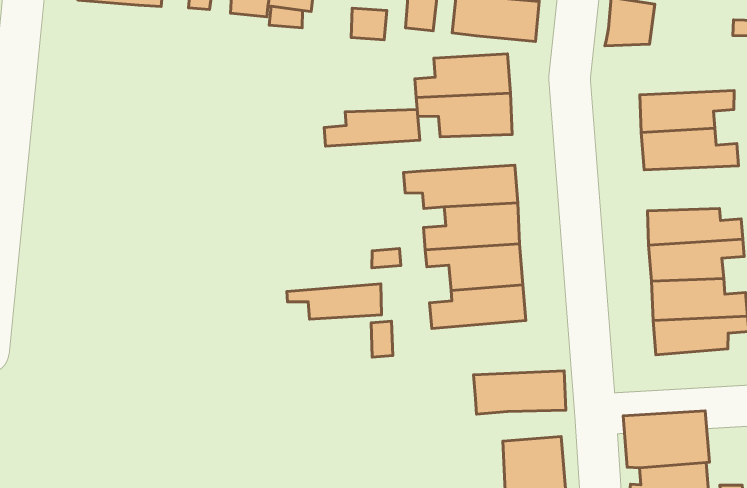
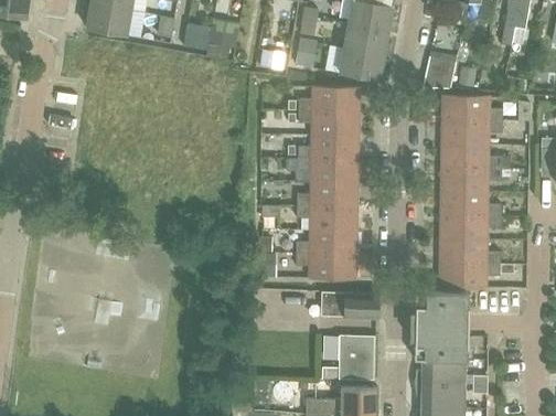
building: none -> [442,95,503,121]
building: [324,109,420,146] -> [298,136,359,158]
building: none -> [441,168,502,196]
building: [287,284,382,319] -> [297,258,357,278]
building: none -> [415,290,469,326]

